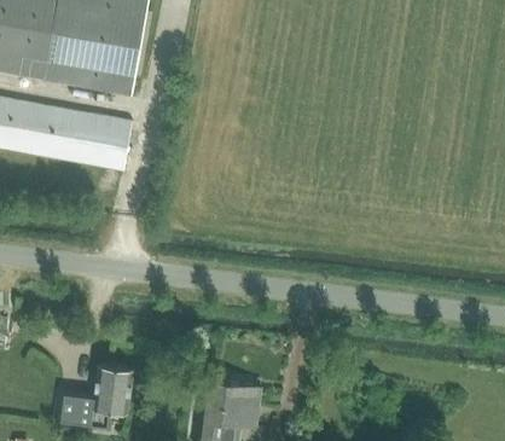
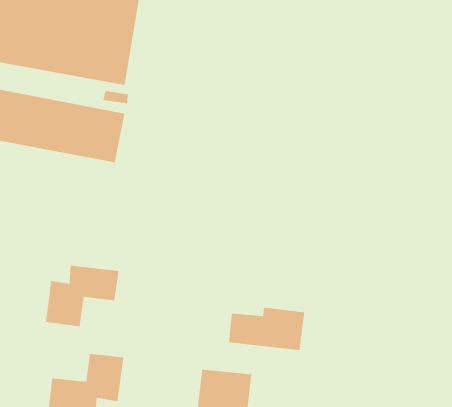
building: none -> [46,265,119,327]
building: none -> [228,307,305,351]

